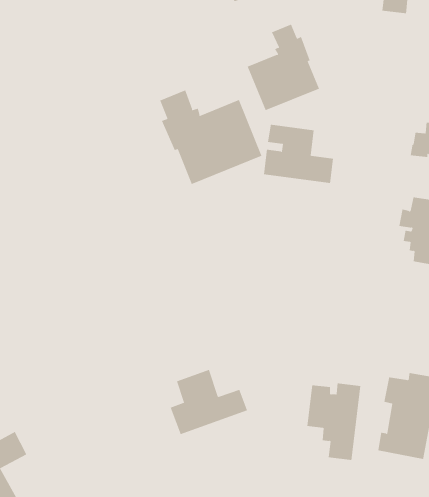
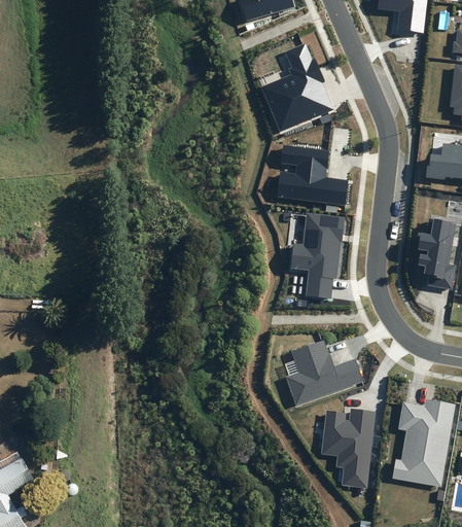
building: [160,89,262,185] -> none
building: none -> [289,213,345,301]
building: [170,369,248,435] -> [284,339,363,406]

